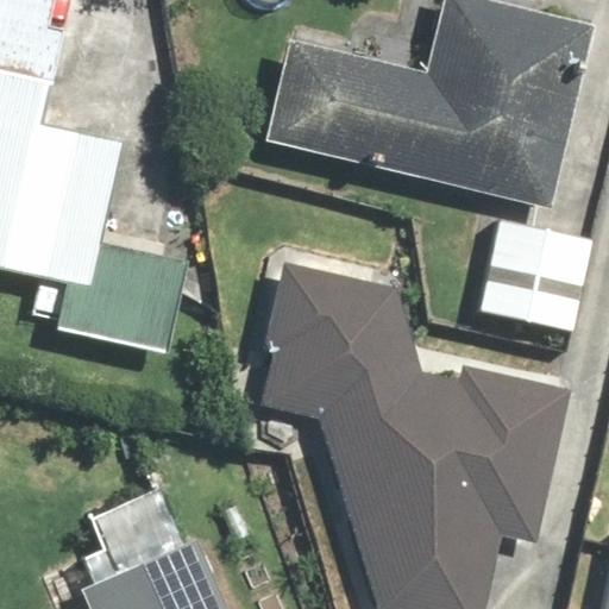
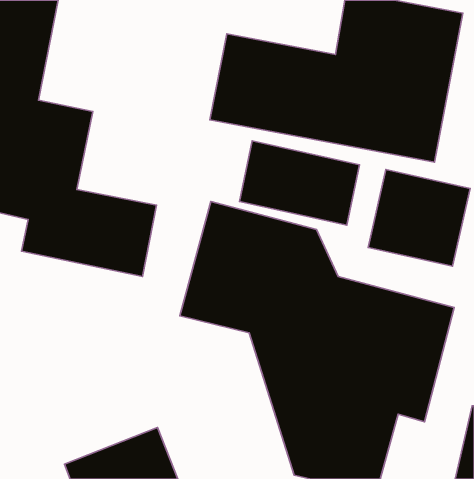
building: none -> [240,141,360,225]

